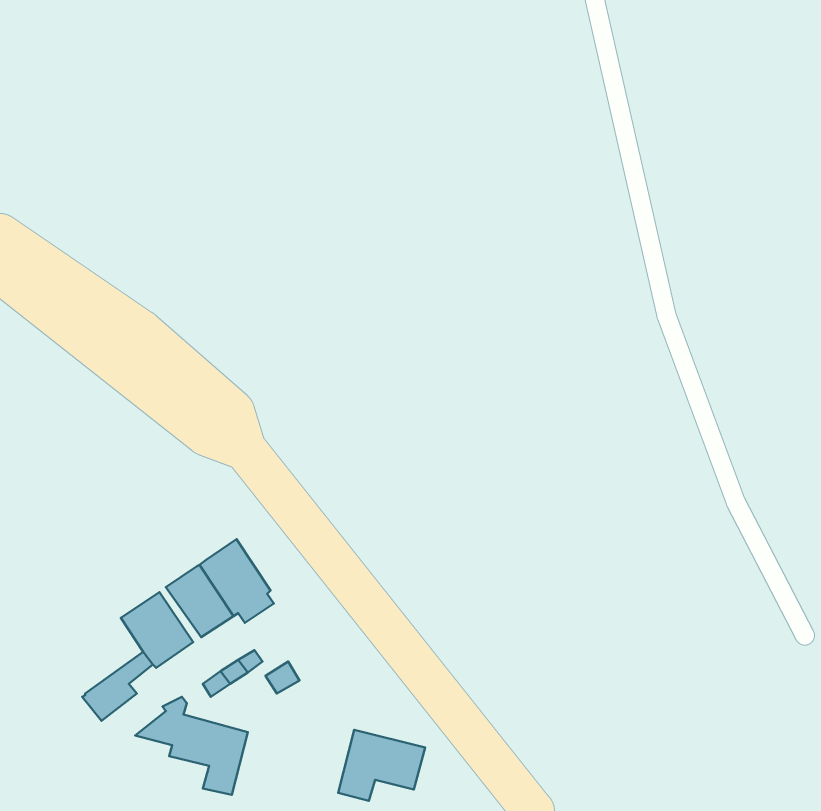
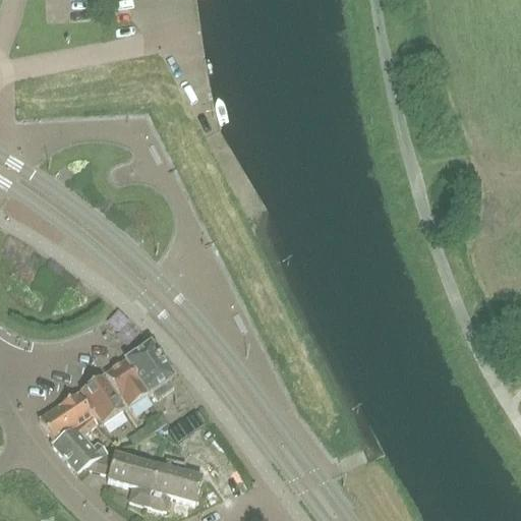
building: none -> [40,391,92,439]
building: none -> [65,439,106,471]
building: [338,730,425,801] -> [148,463,202,508]

